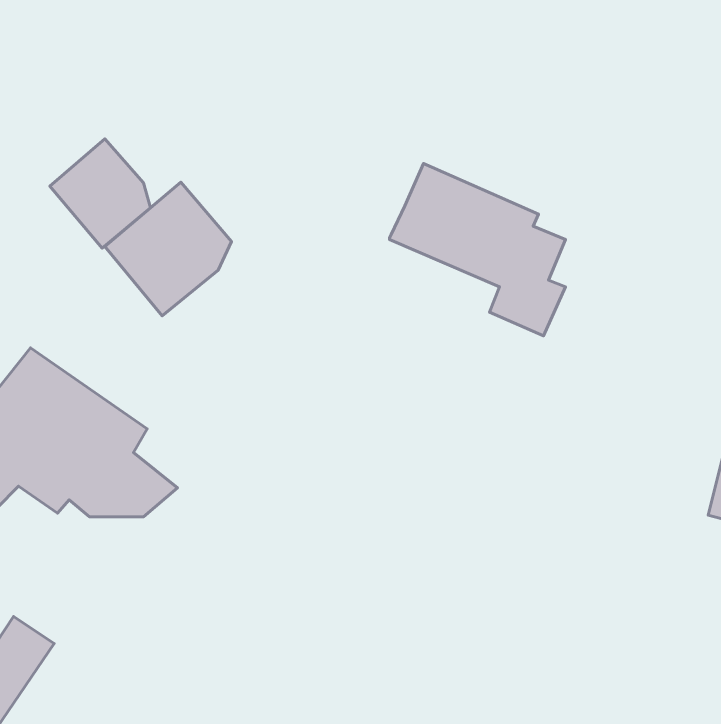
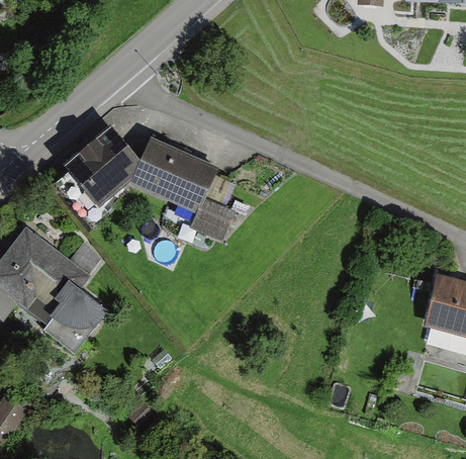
building: [50,139,151,248] -> none
building: [390,164,565,336] -> [130,137,236,241]

